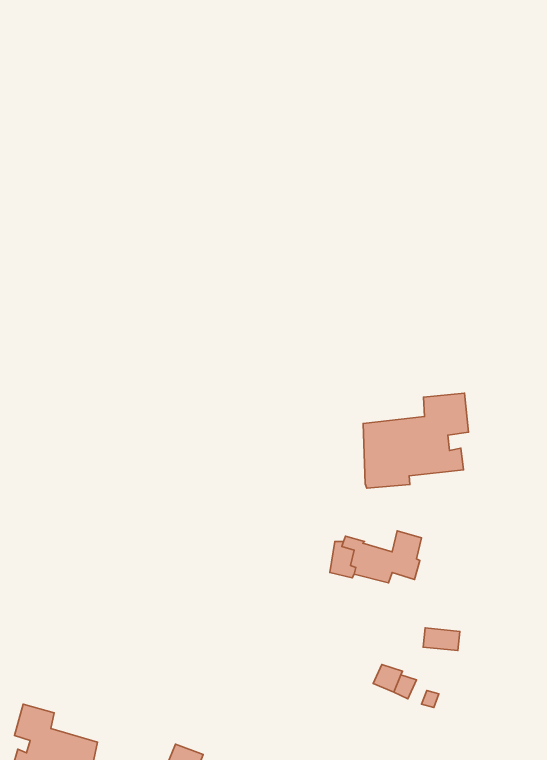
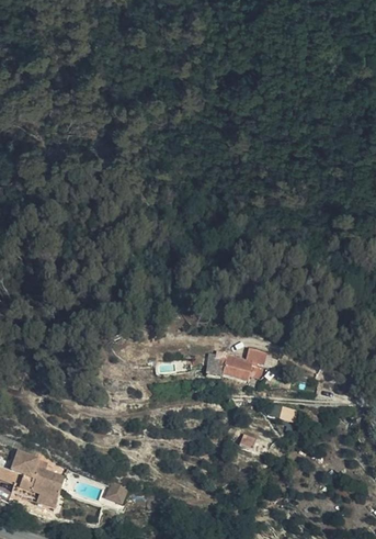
building: [363,393,468,488] -> none

